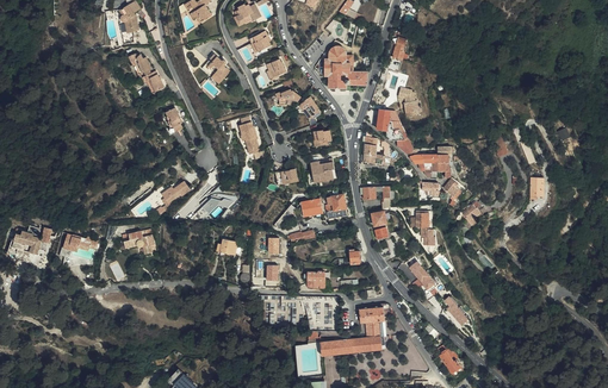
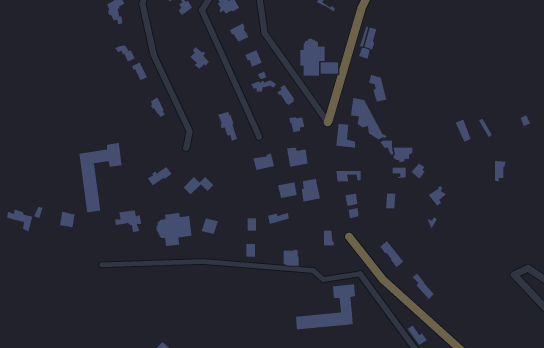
building: none -> [79,142,122,213]
building: none -> [156,212,192,247]

